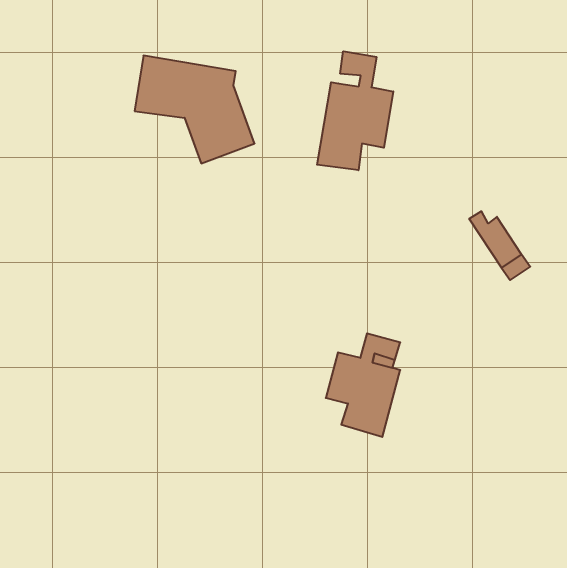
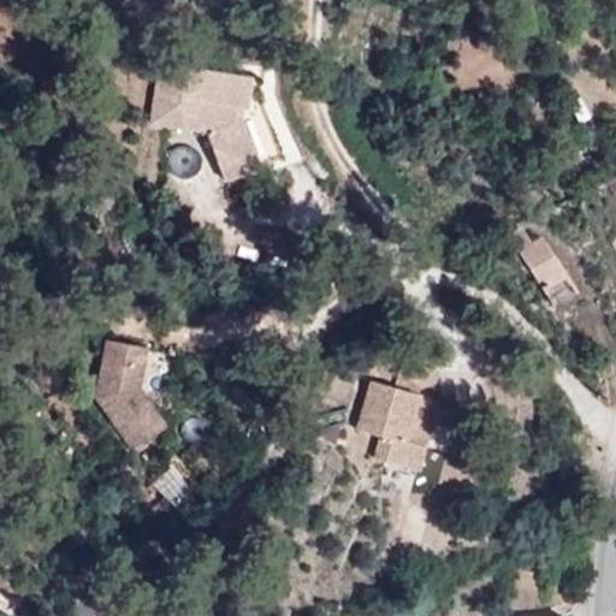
building: [317,51,393,170] -> none
building: none -> [97,345,168,455]

